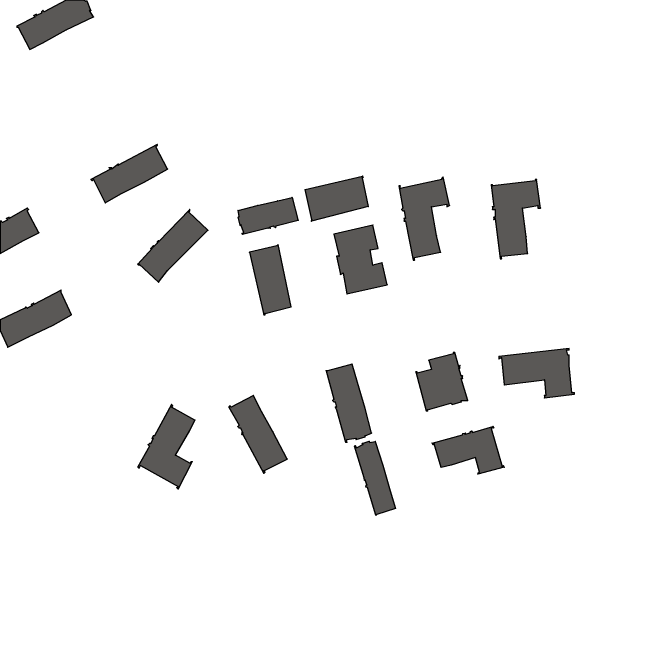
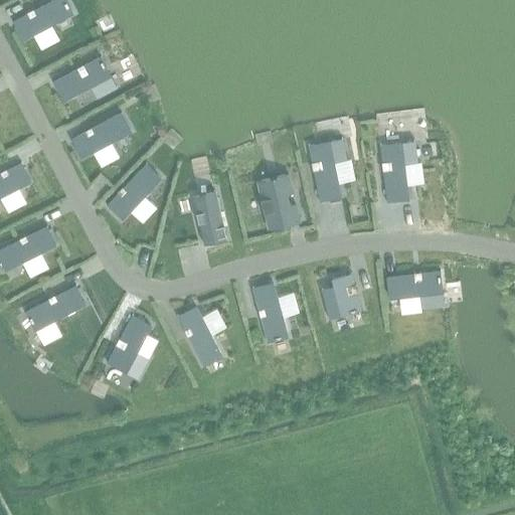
building: none -> [52,57,118,102]
building: [305,176,368,221] -> none
building: [238,197,298,234] -> none
building: none -> [25,286,84,331]
building: [432,426,504,474] -> none
building: [354,441,396,515] -> none

